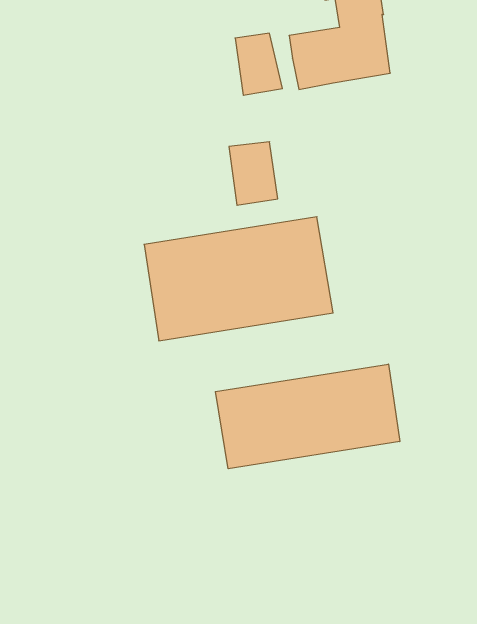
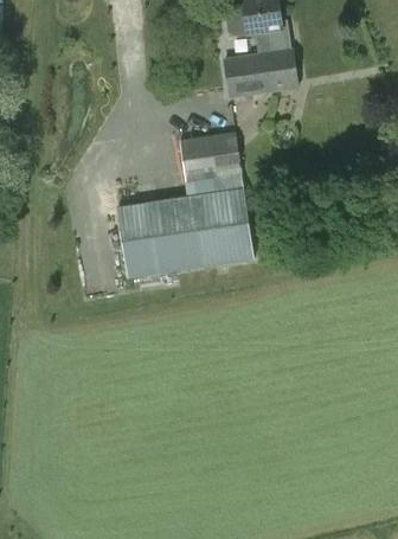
building: [235,33,282,95] -> [207,131,242,177]
building: [215,364,400,469] -> none

